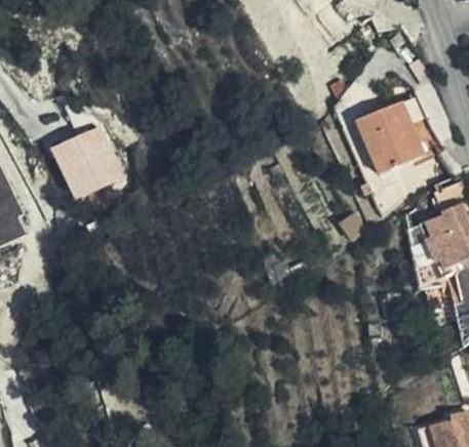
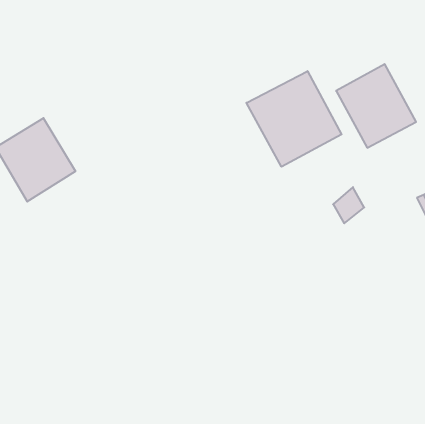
building: none -> [246,71,342,167]

